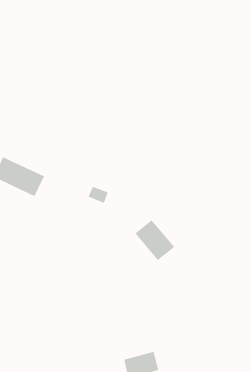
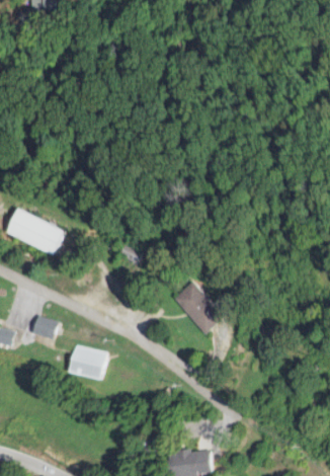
building: none -> [33,316,60,339]
building: none -> [69,347,104,378]

